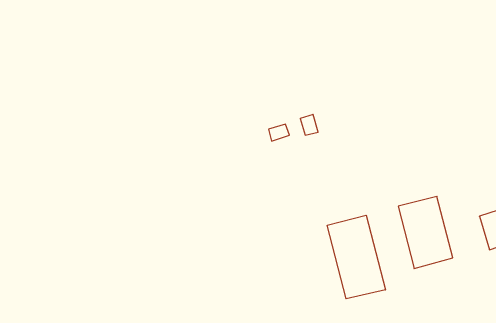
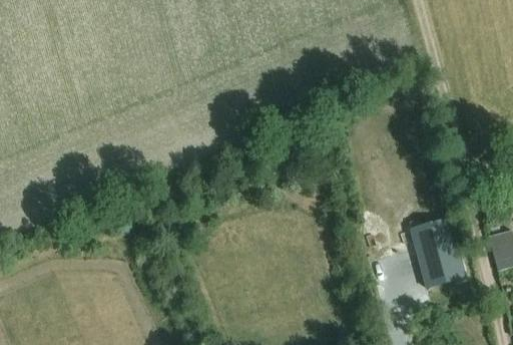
building: [327,215,385,299] -> none

